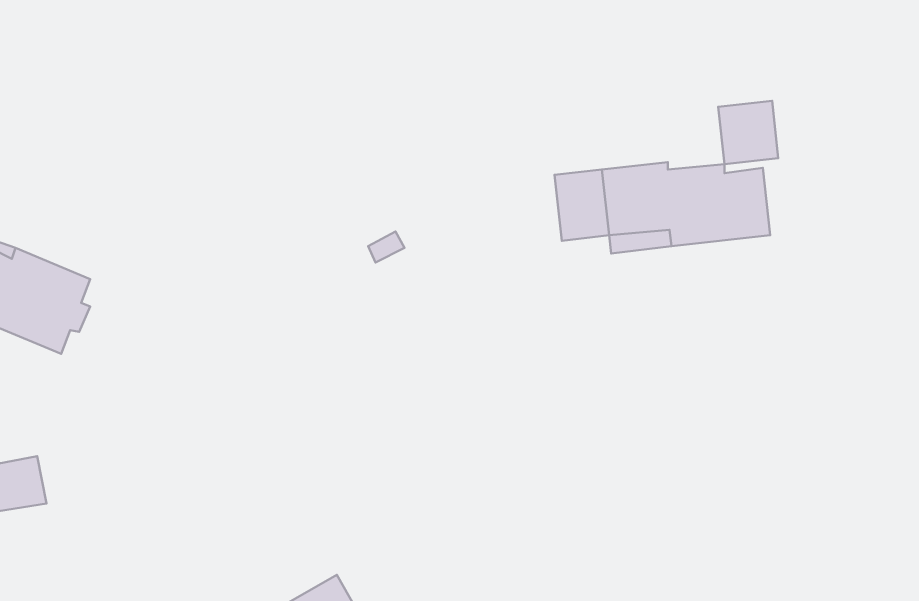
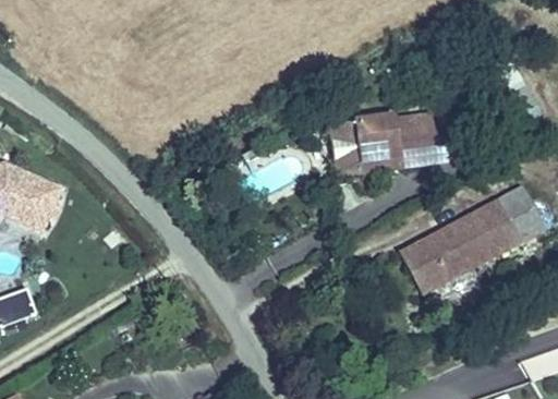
building: [718,101,778,164] -> none
building: none -> [417,193,533,283]

